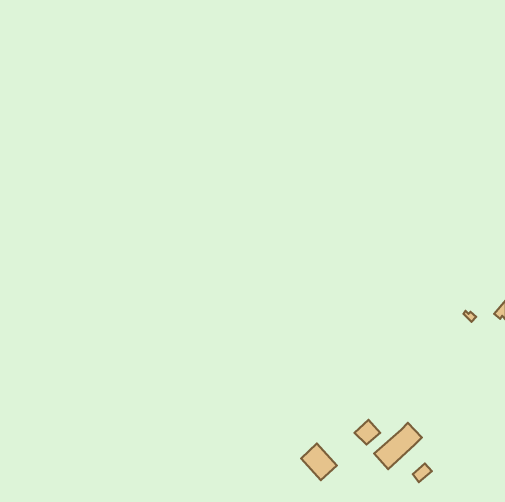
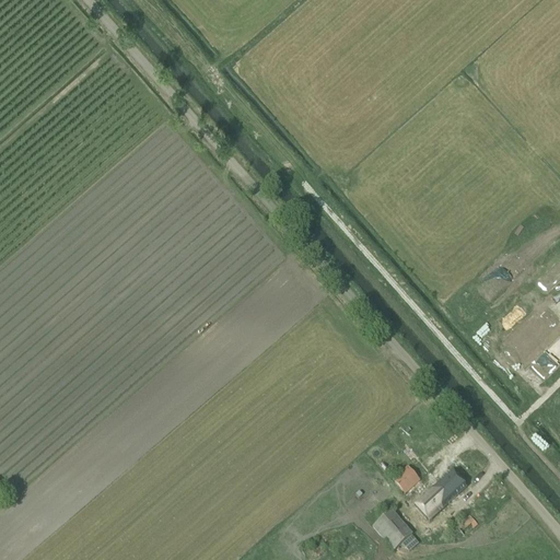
building: [301,444,337,480] -> [374,508,413,548]

